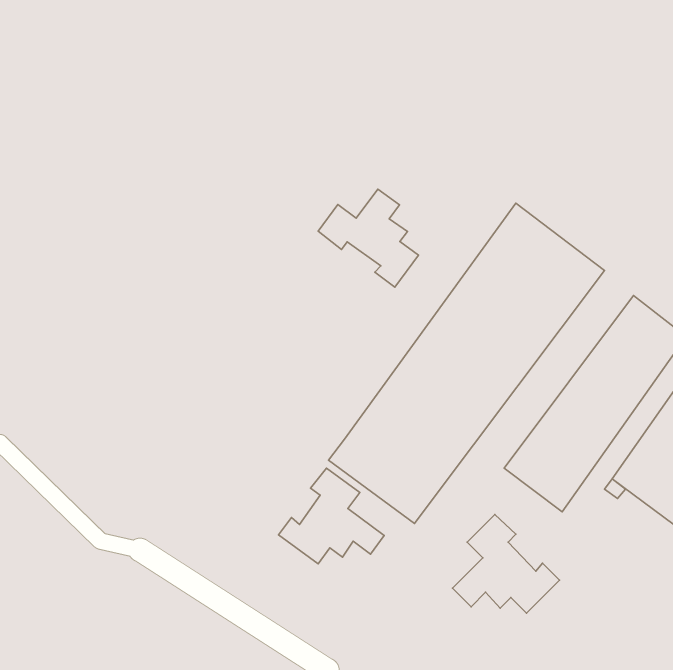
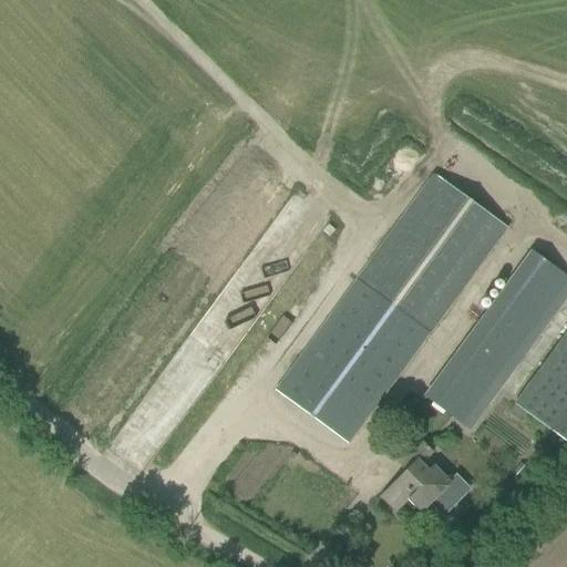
building: [318,189,418,287] -> none
building: [279,468,384,564] -> none

